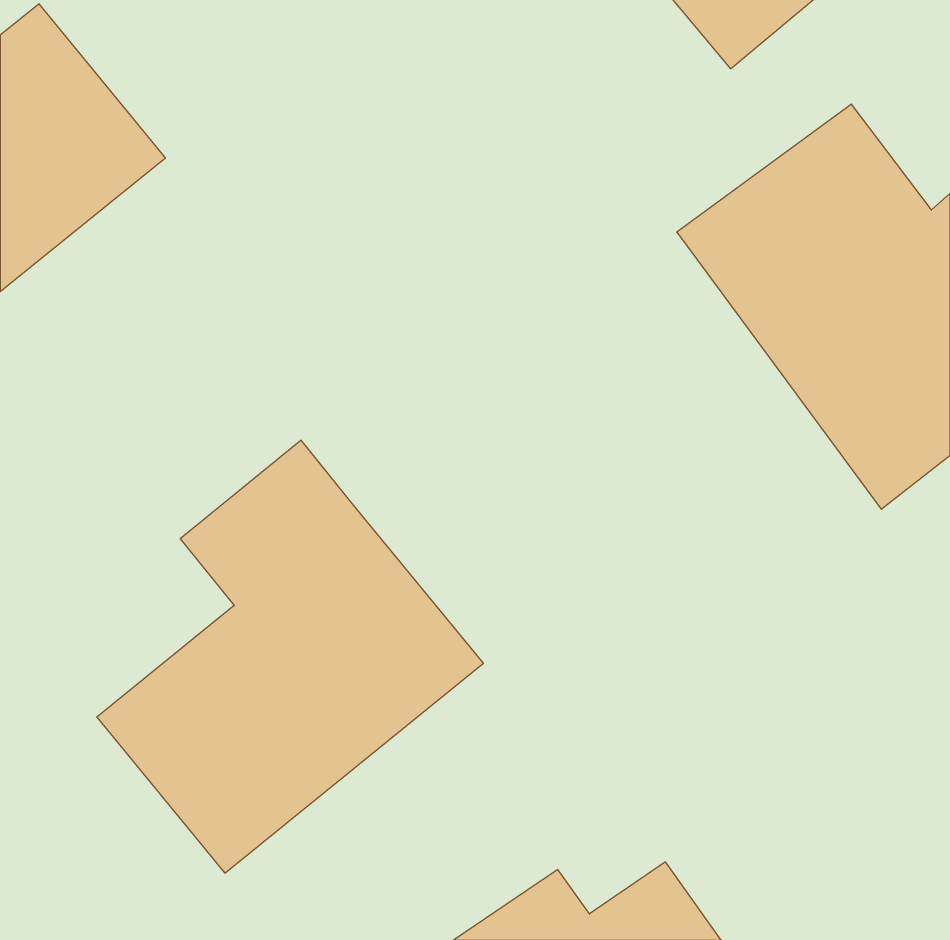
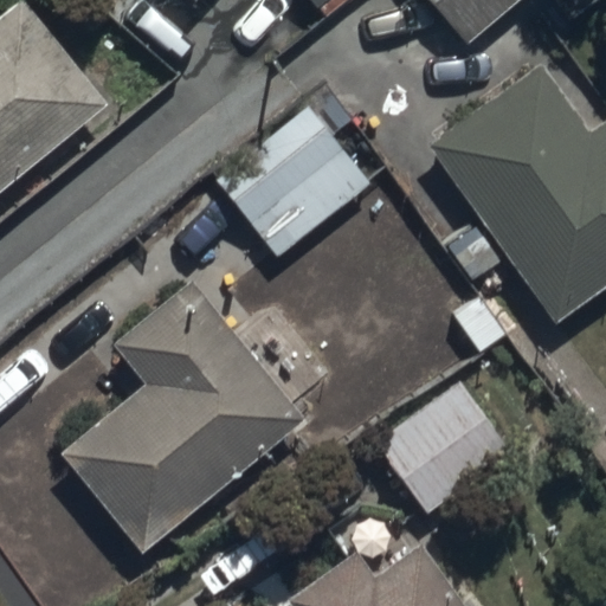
building: none -> [217,105,373,258]
building: none -> [378,381,511,514]

